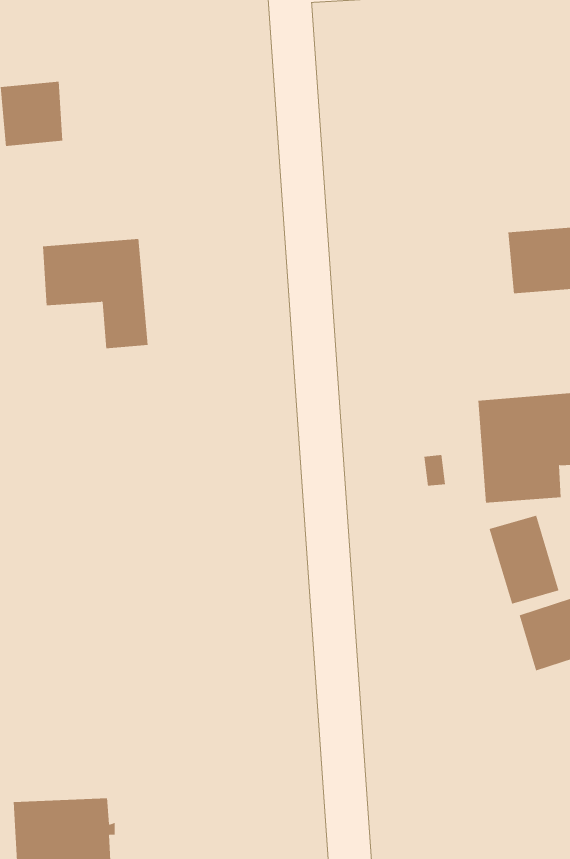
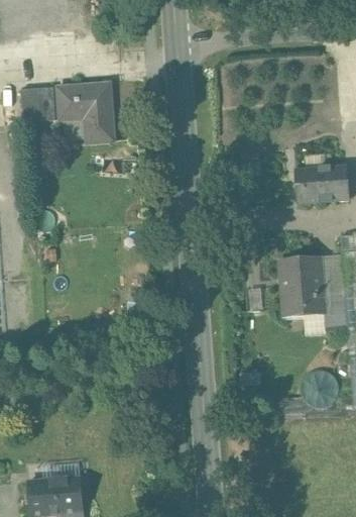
building: [42,239,148,349] -> [57,83,115,142]
building: [489,515,559,604] -> none

